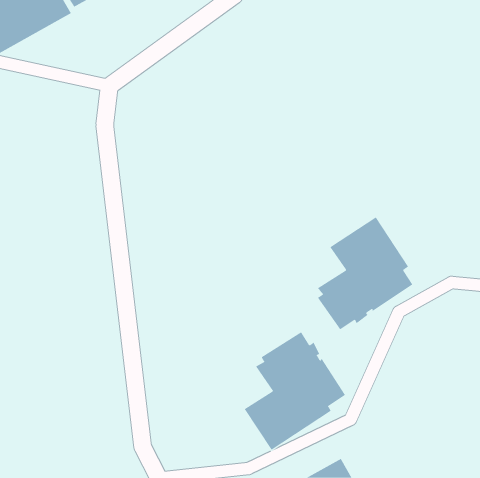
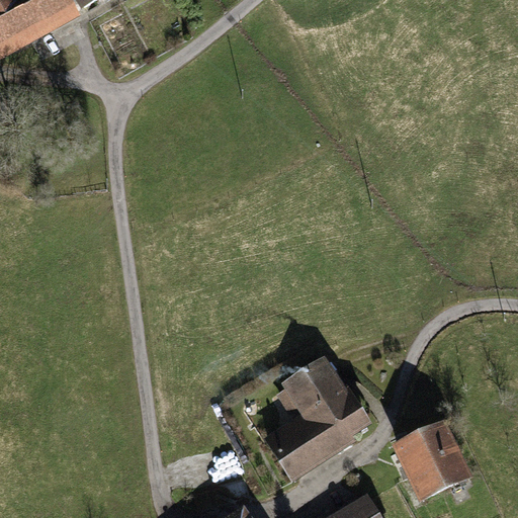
building: [317,217,413,330] -> none
building: none -> [391,419,472,503]

